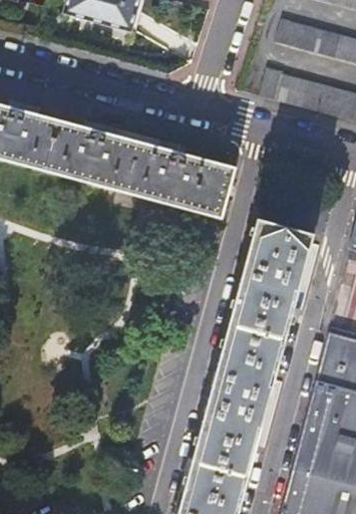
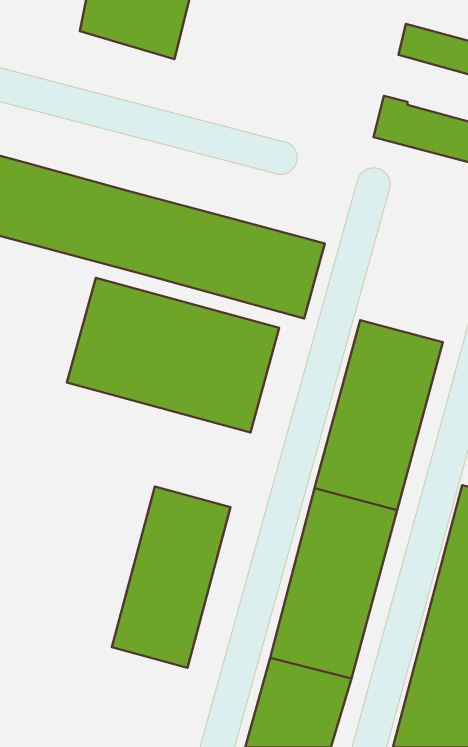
building: none -> [67,278,279,432]
building: none -> [112,487,231,668]

